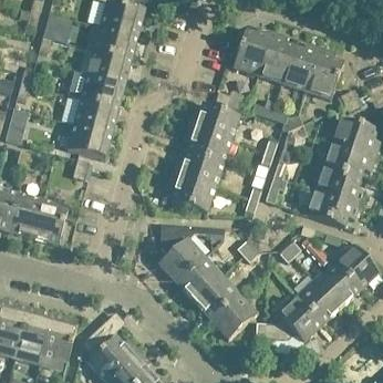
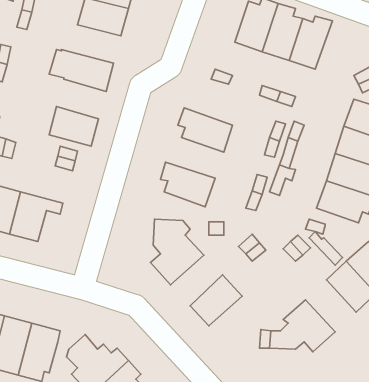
building: [306,46,343,99] -> none
building: [86,50,132,84] -> none
building: [74,99,118,134] -> none
building: [188,102,240,139] -> none
building: [172,151,224,187] -> none
building: [176,256,222,301] -> none
building: [297,278,342,324] -> none
building: [210,292,258,339] -> none

